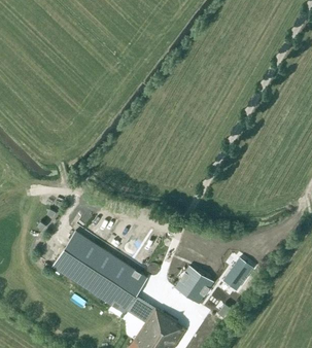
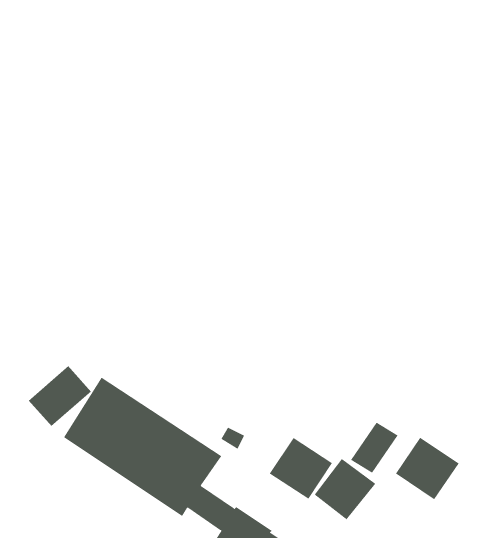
building: none -> [28,365,92,427]
building: none -> [395,437,459,500]

